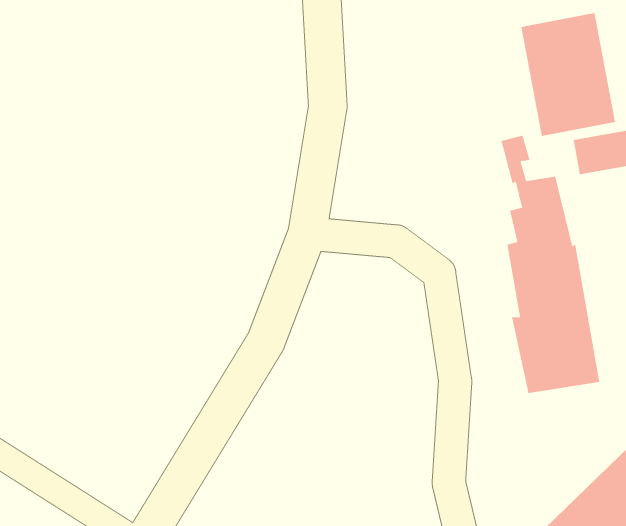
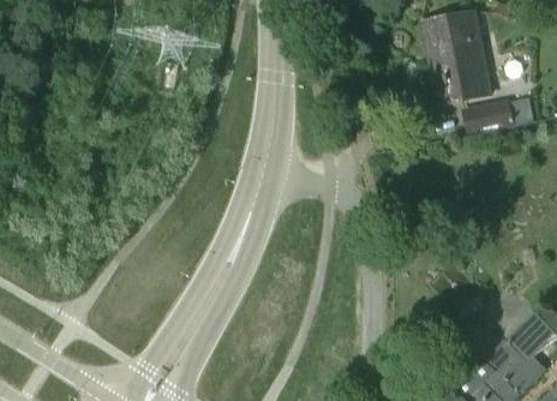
building: [501,135,600,394] -> none

